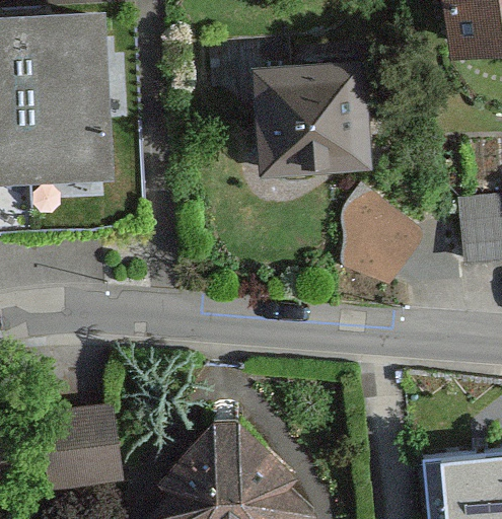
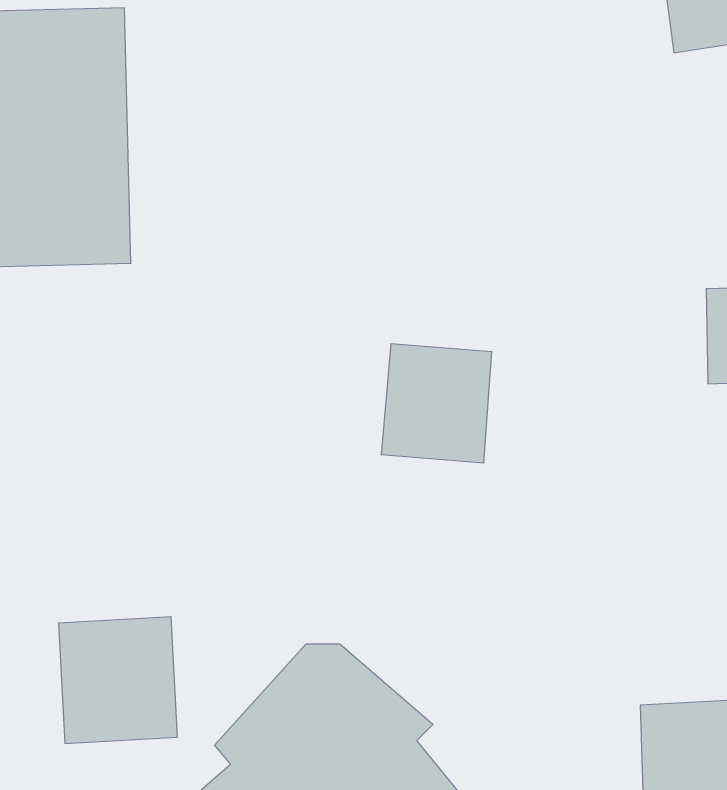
building: [252,61,363,170] -> none
building: [350,200,420,275] -> [381,344,492,463]

